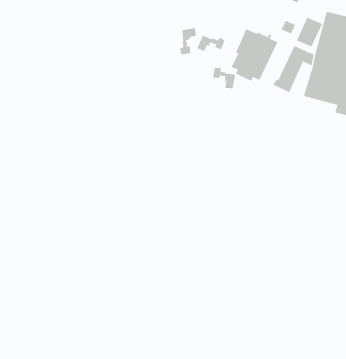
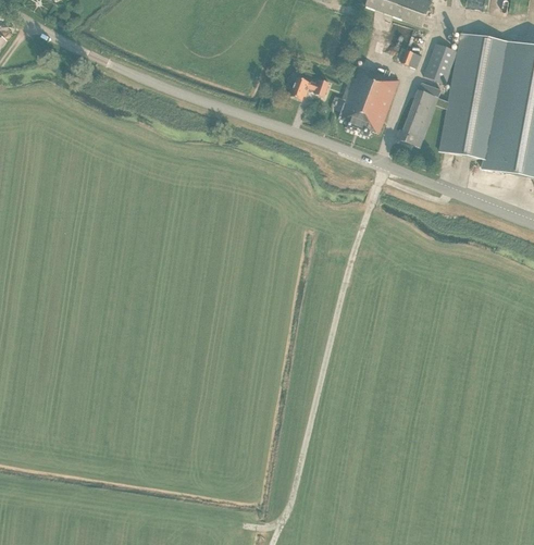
building: [180,27,197,55] -> none
building: [212,67,236,89] -> none

